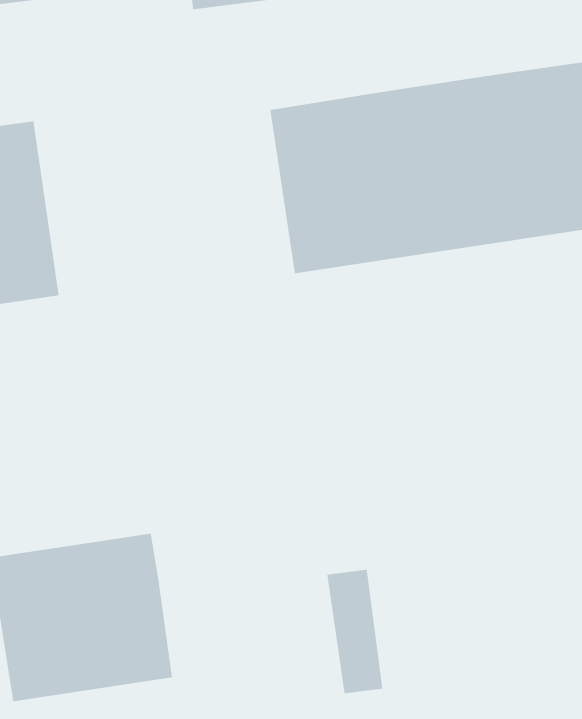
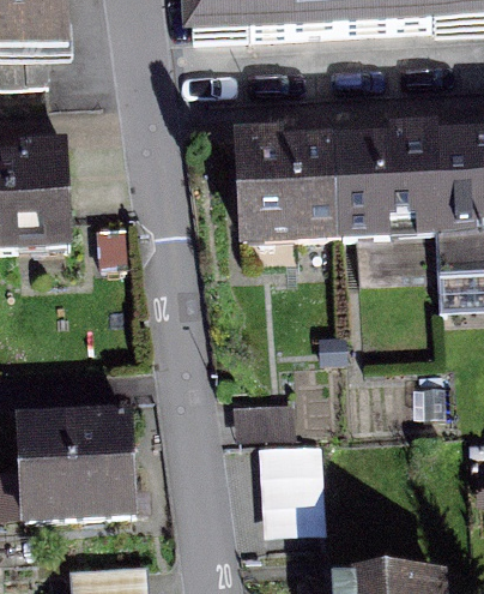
building: none -> [266,439,331,534]

